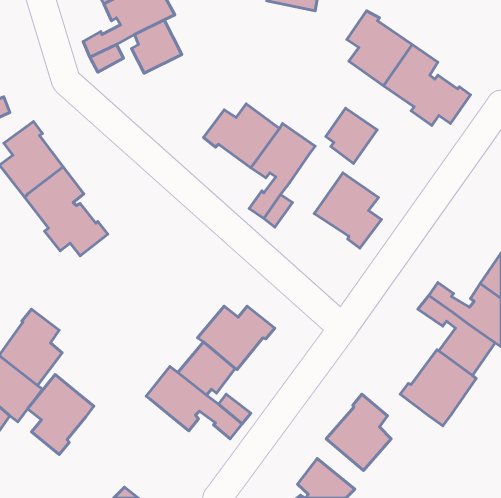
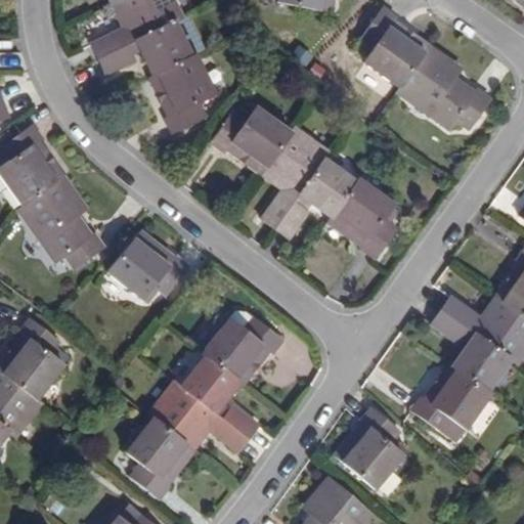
building: none -> [145,55,213,132]
building: [326,108,377,163] -> [300,160,353,217]
building: none -> [118,233,196,301]
building: [28,374,94,454] -> [127,413,195,496]

